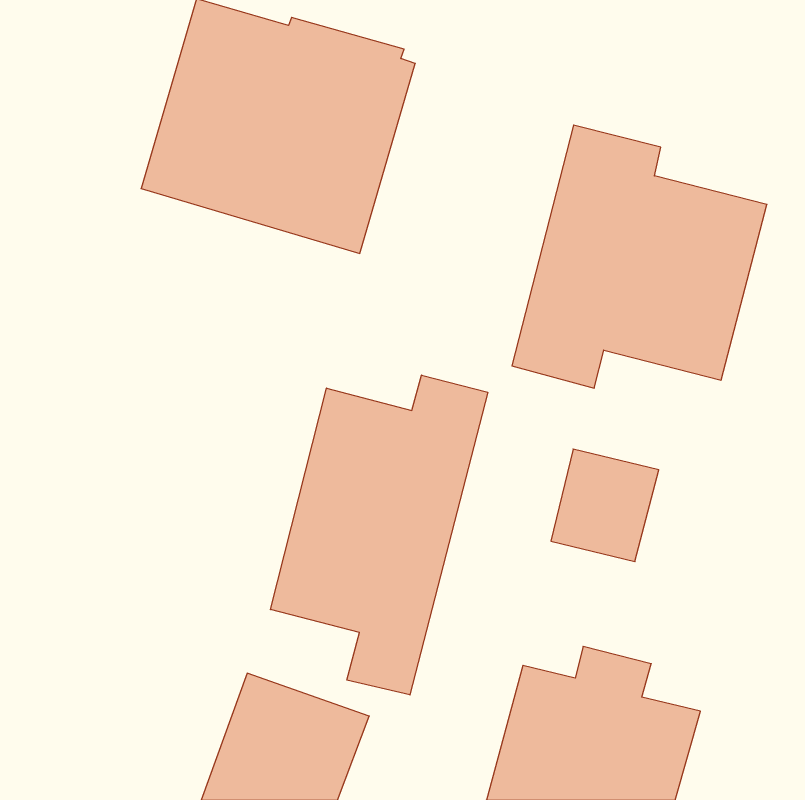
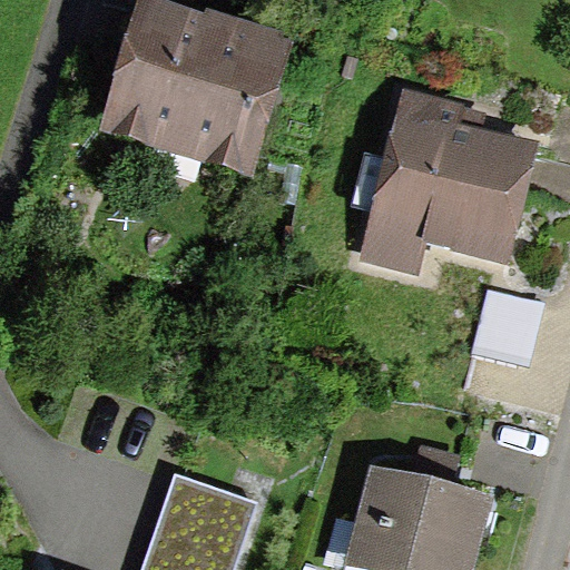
building: [270,375,488,695] -> none
building: [551,449,659,562] -> [469,287,544,366]

